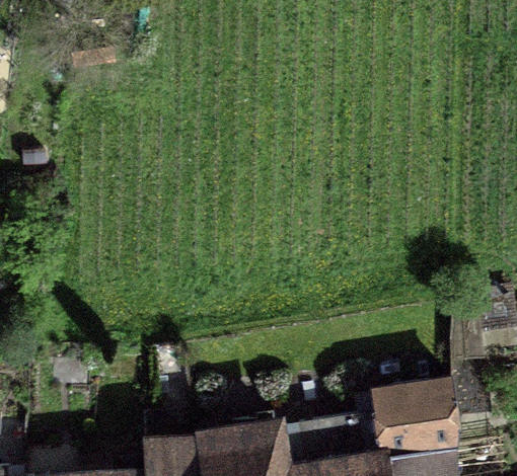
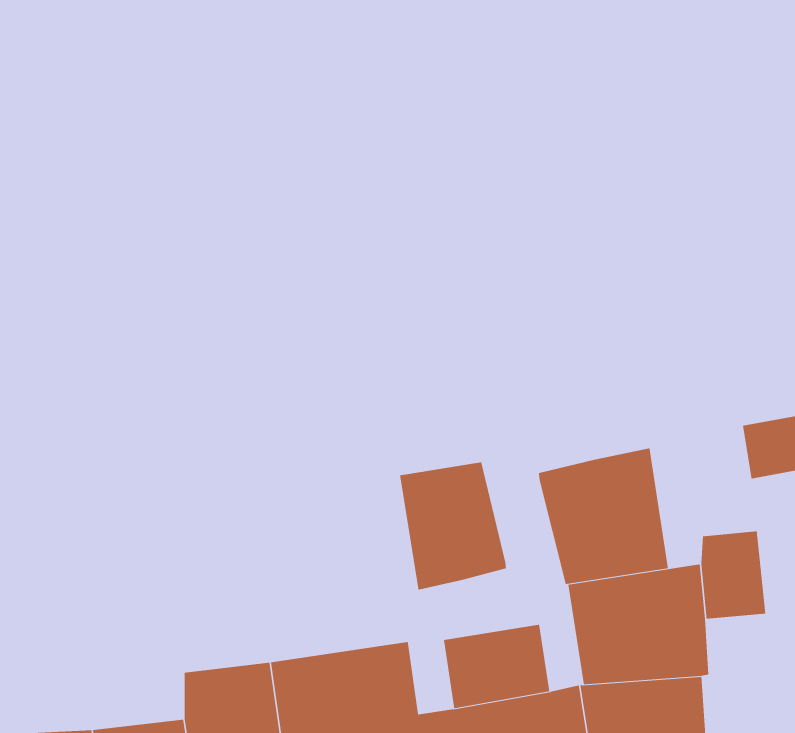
building: none -> [539,447,669,585]
building: none -> [400,461,506,590]

